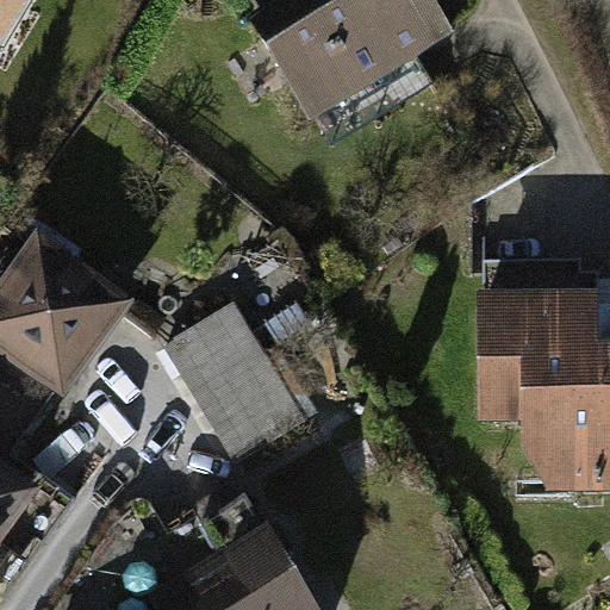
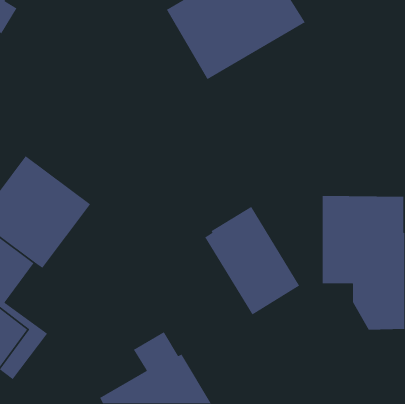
building: [162,299,305,462] -> [204,206,300,316]

